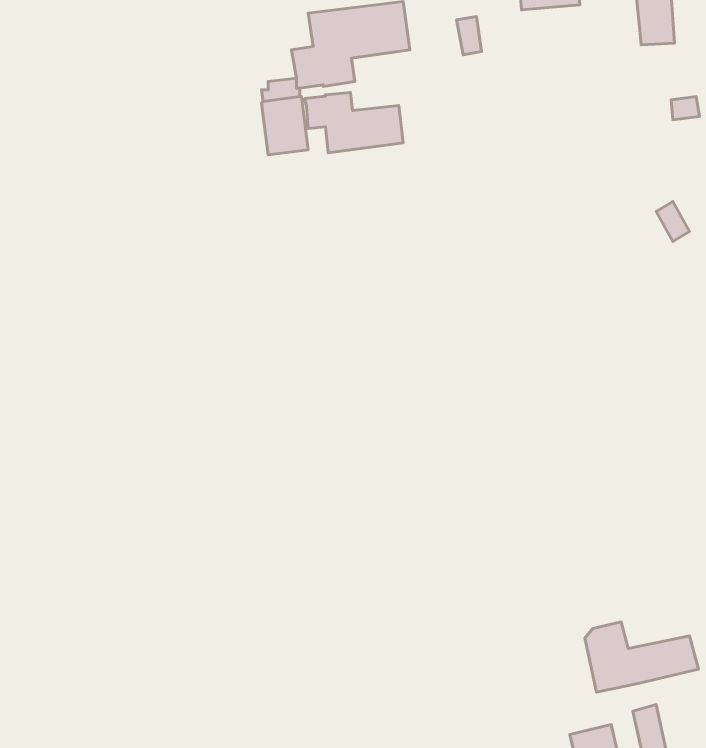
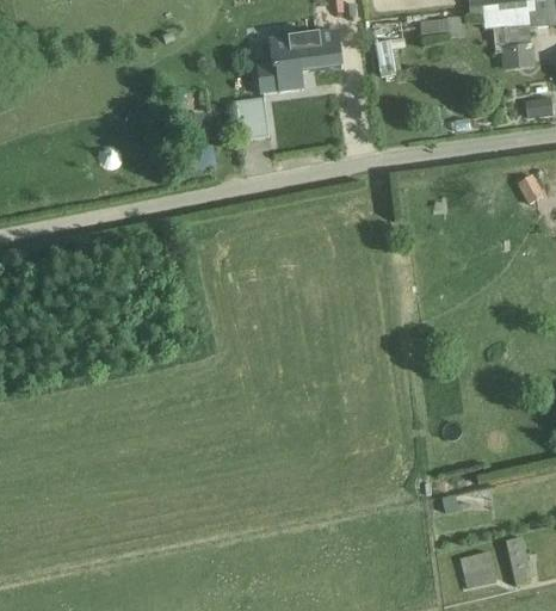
building: [304,93,403,153] -> none
building: [585,622,699,692] -> none

